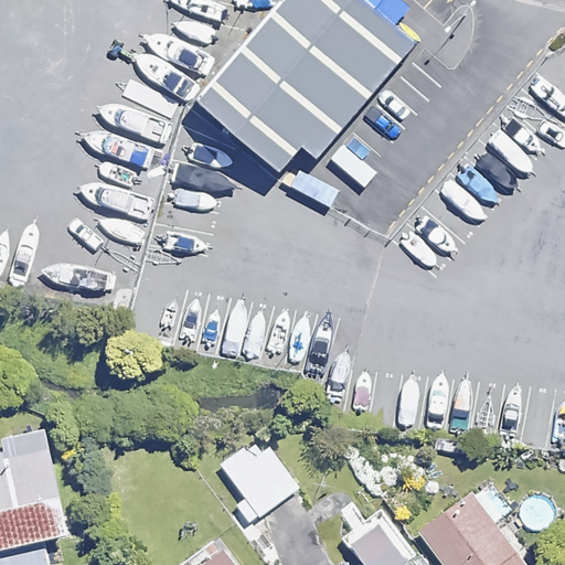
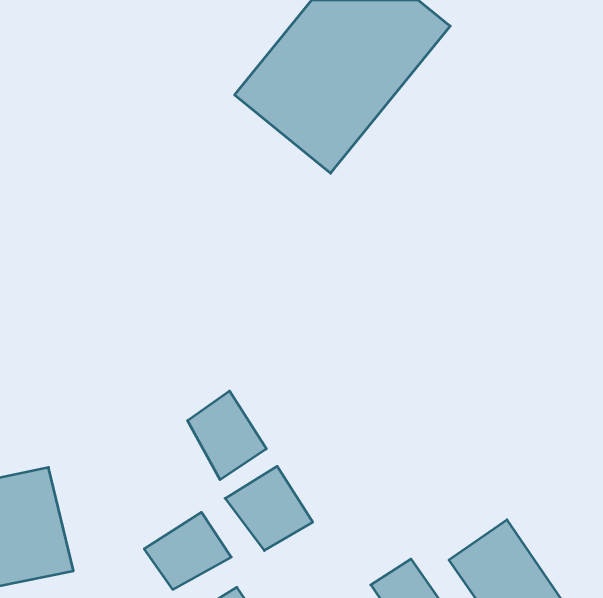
building: none -> [188,391,266,480]
building: none -> [144,512,231,589]

